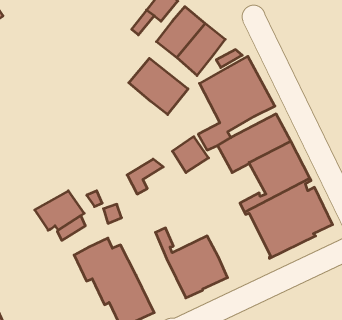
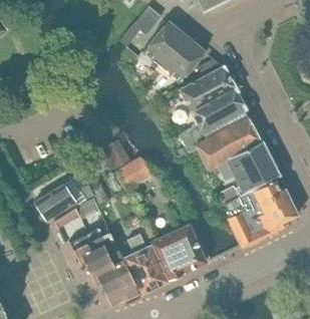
building: [129,58,188,115] -> none
building: [172,137,209,173] -> [99,137,131,170]
building: none -> [123,235,168,293]

